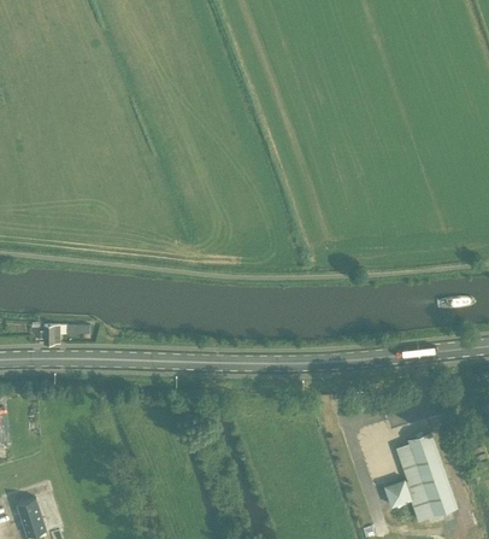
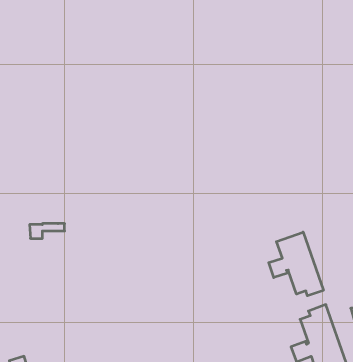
building: none -> [269,232,323,296]

